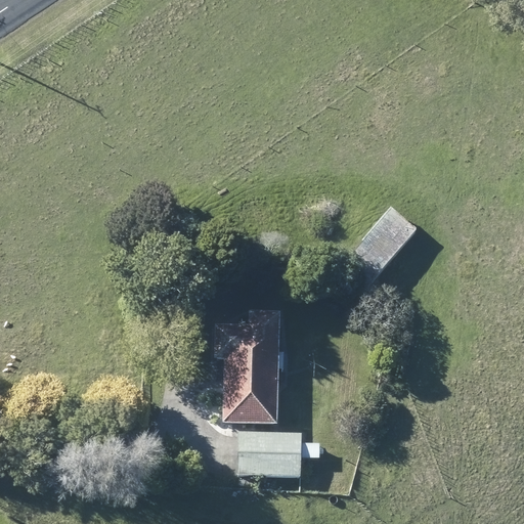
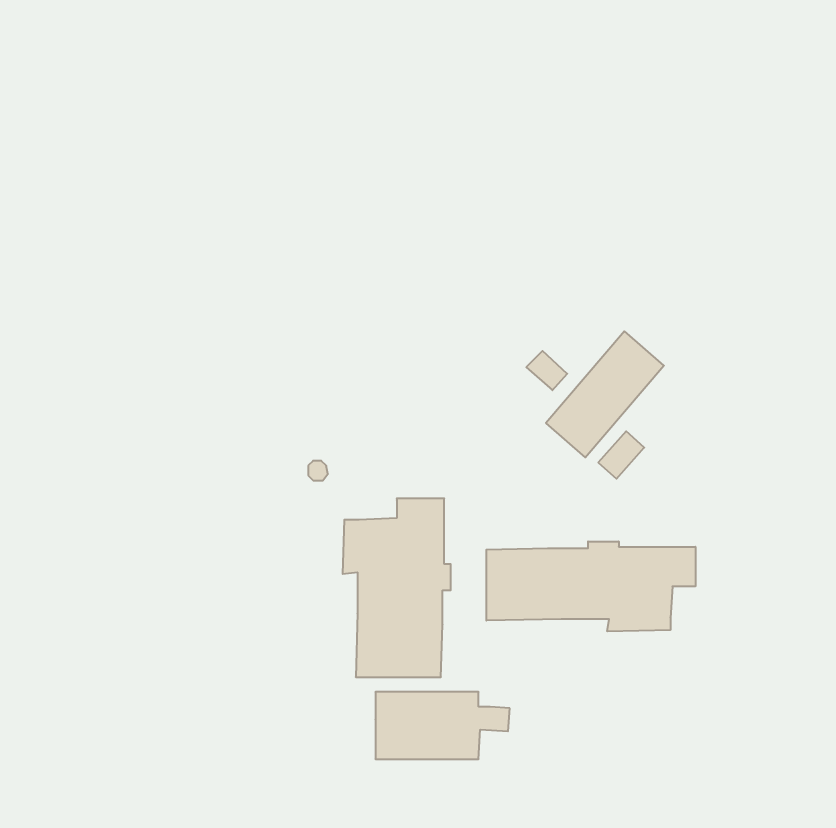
building: none -> [486,541,695,631]

